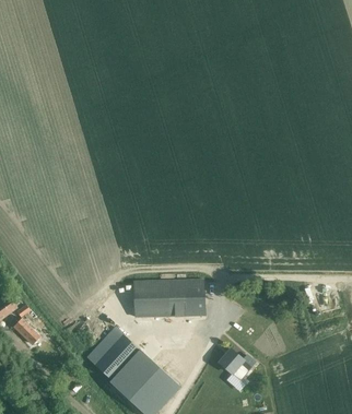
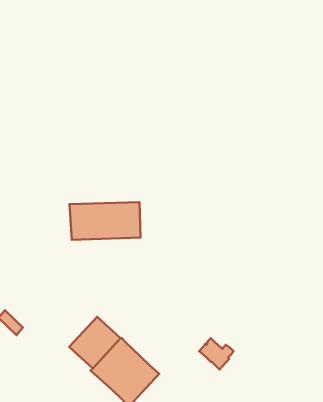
building: [132,279,204,317] -> [70,202,140,240]

